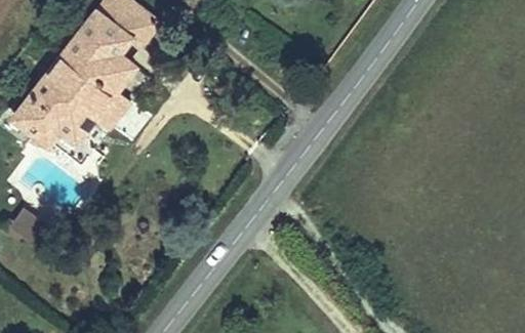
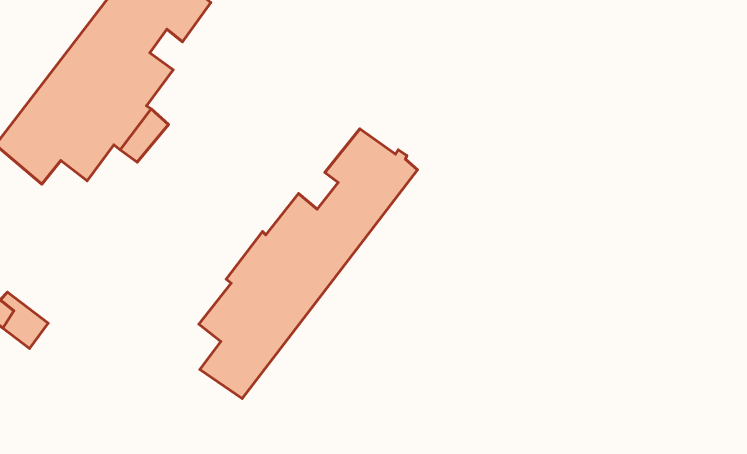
building: none -> [199,129,418,398]

